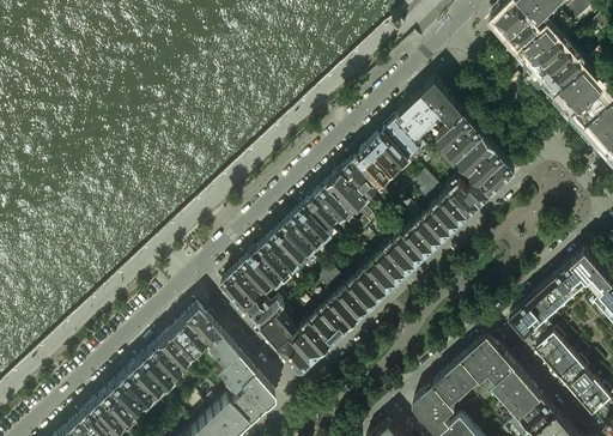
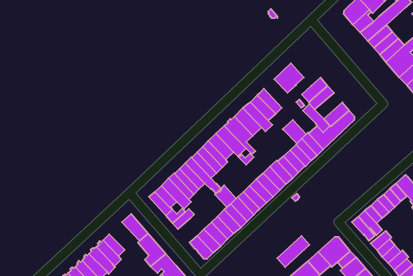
building: [421,81,463,127] -> none
building: [383,119,425,165] -> none
building: [455,137,494,174] -> none
building: [261,314,296,349] -> none
building: [164,320,207,358] -> none
building: none -> [277,236,309,267]

